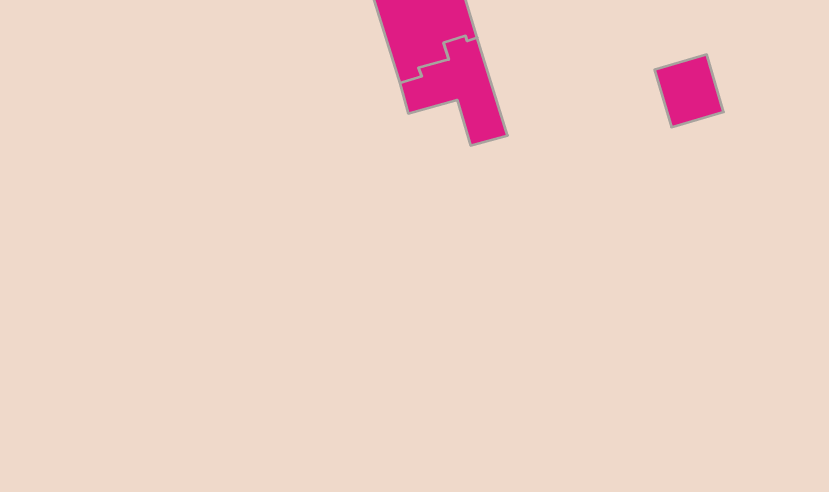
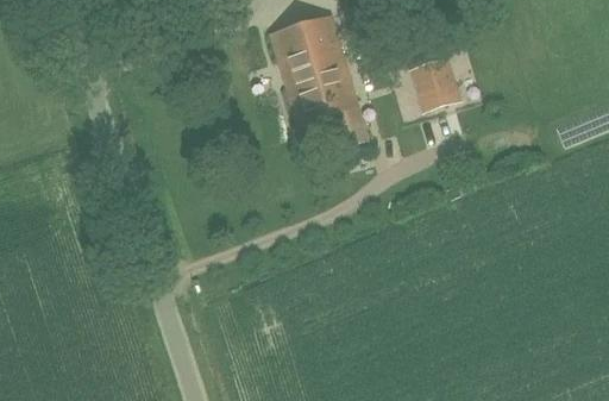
building: [655,55,724,127] -> [410,57,459,108]

